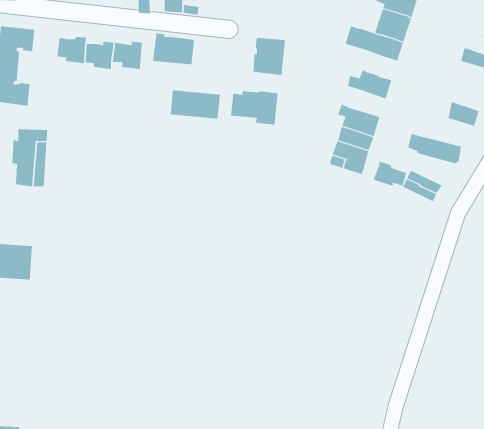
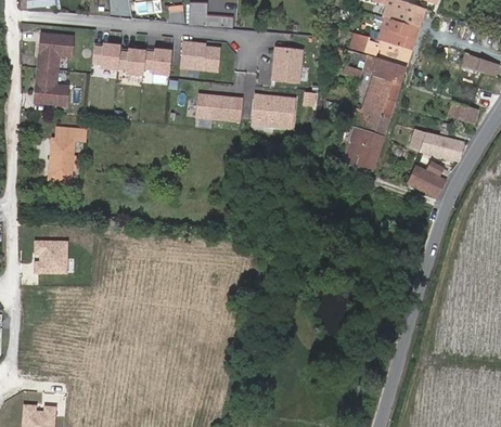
building: none -> [363,54,404,83]
building: none -> [360,91,394,117]
building: [373,161,407,187] -> none

